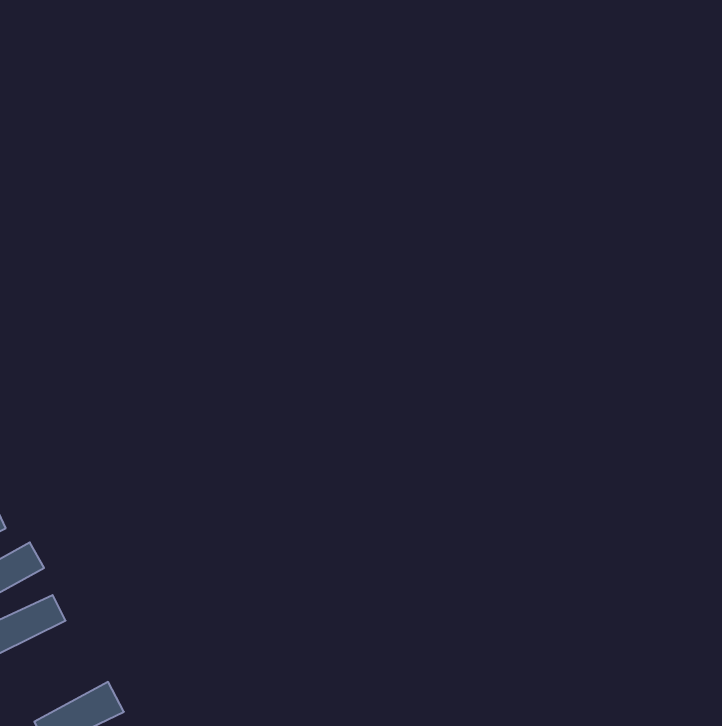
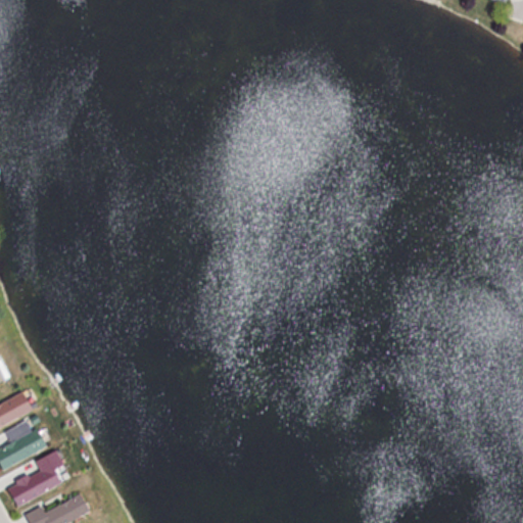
building: none -> [5,450,62,507]

